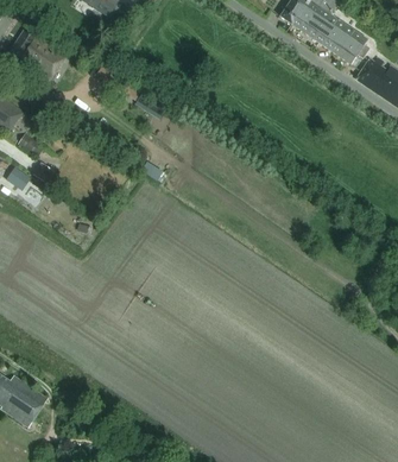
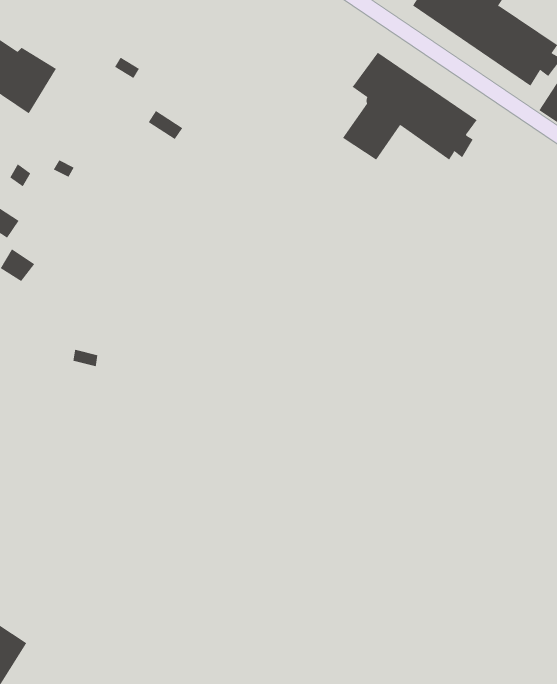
building: none -> [342,52,477,161]

